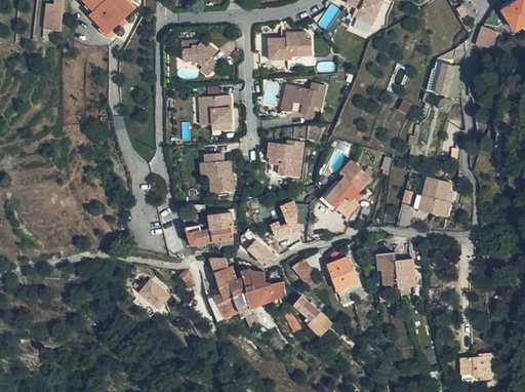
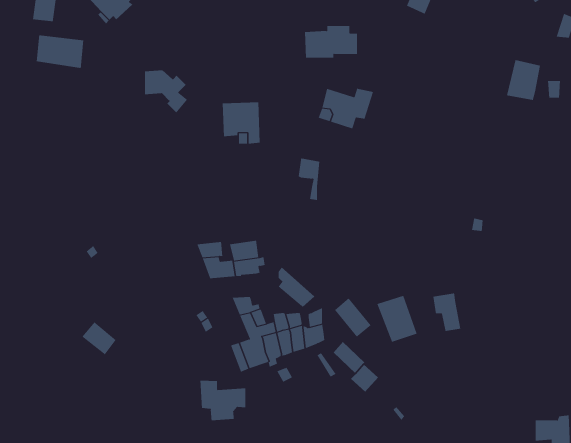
building: [183,38,218,74] -> [144,70,188,114]
building: none -> [36,34,84,69]
building: [279,143,299,181] -> none
building: [199,152,229,190] -> none
building: [322,160,368,218] -> none
building: [415,178,452,217] -> none
building: [266,201,305,241] -> none
building: [393,259,414,287] -> none
building: [142,281,170,309] -> [82,322,116,355]
building: none -> [200,380,246,421]

